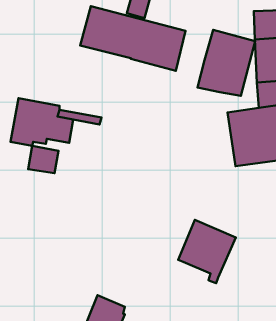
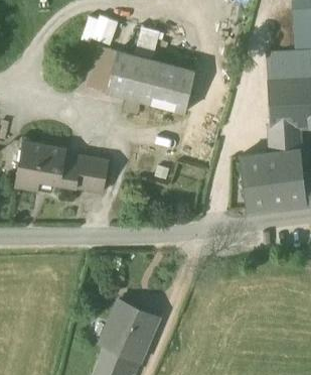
building: [198,30,255,96] -> none
building: [28,146,59,173] -> [76,163,108,192]
building: [178,220,236,283] -> [101,301,160,367]

